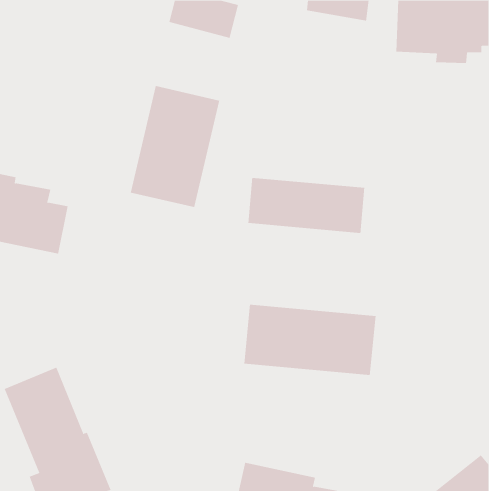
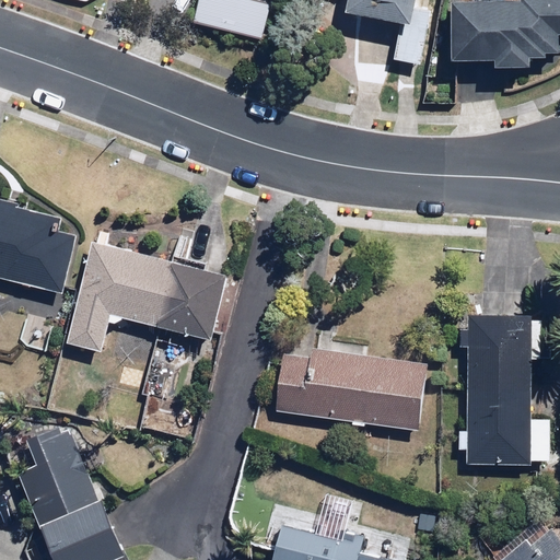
building: [130,85,220,208] -> none
building: [248,177,365,234] -> none
building: none -> [65,242,224,352]
building: none -> [457,311,549,465]

